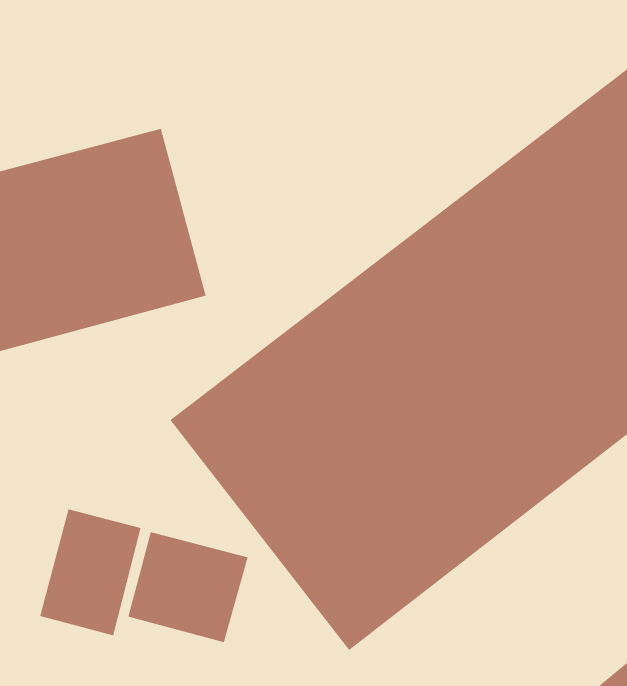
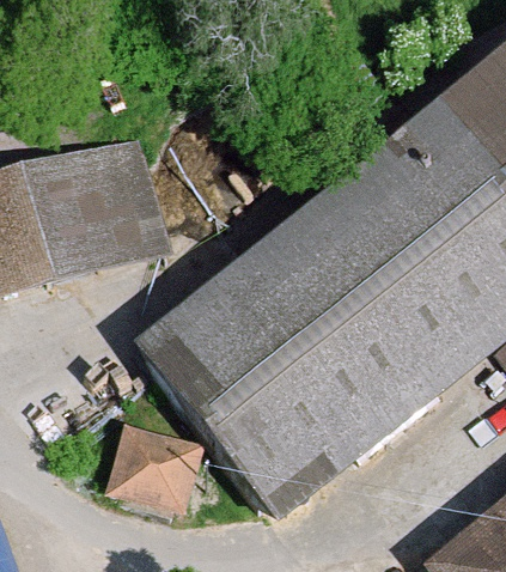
building: [39,508,141,636] -> none

